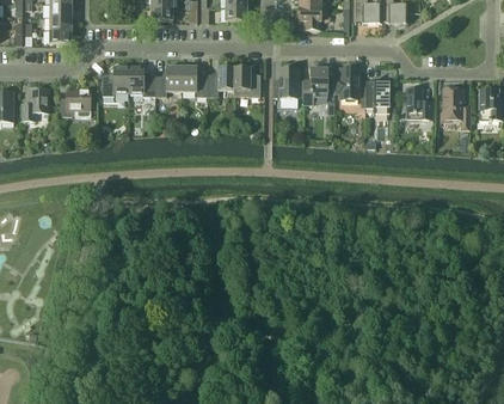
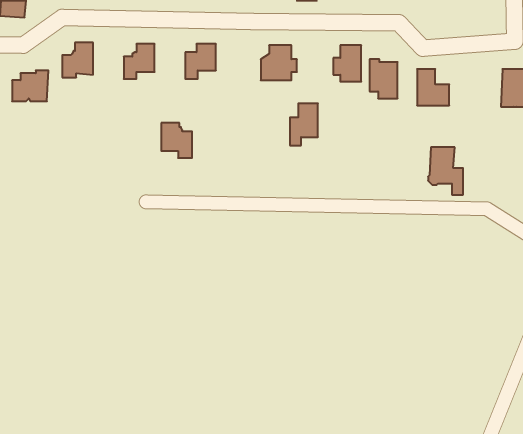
building: [129,65,155,96] -> none
building: [182,66,208,96] -> [161,123,192,158]
building: [234,66,260,96] -> none
building: [303,67,327,103] -> [290,103,318,145]
building: [441,87,471,128] -> [428,147,463,195]

